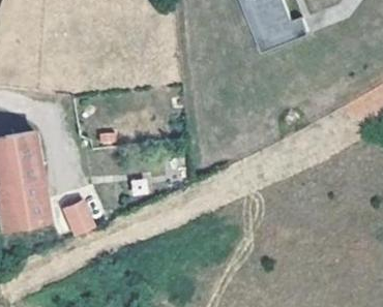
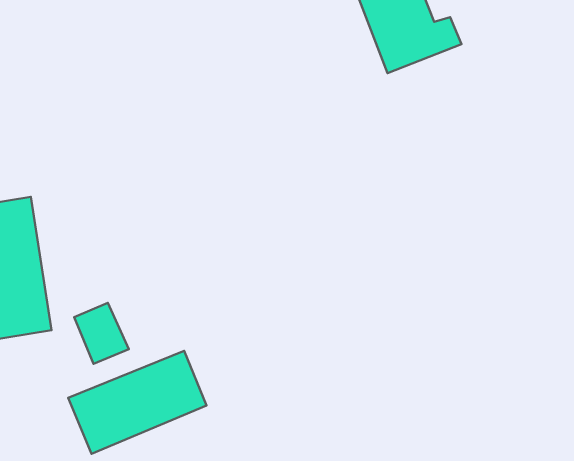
building: none -> [68,351,207,454]

